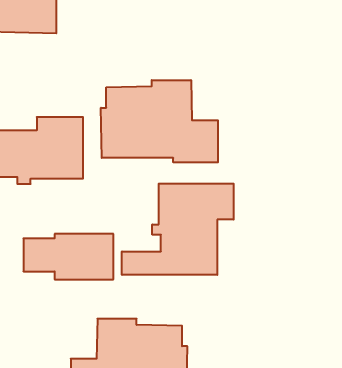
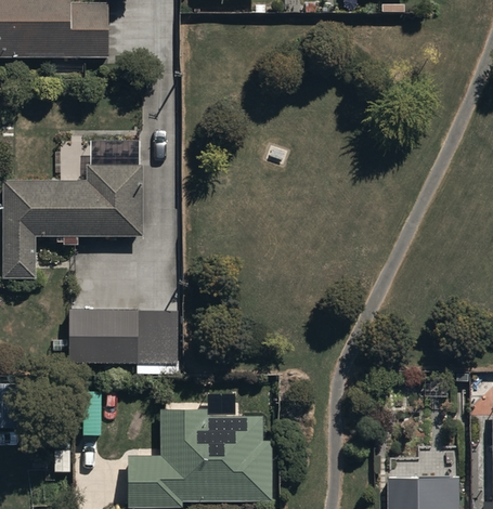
building: [101,80,218,162] -> none
building: [122,184,234,275] -> none

